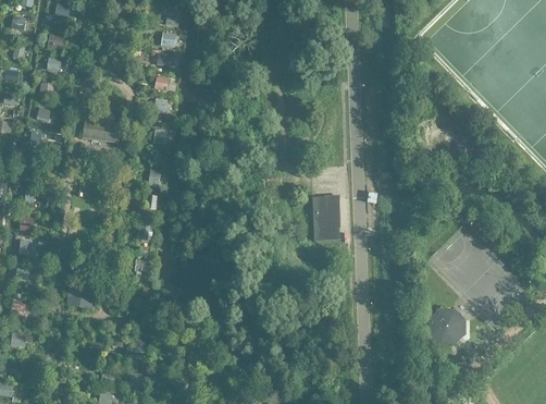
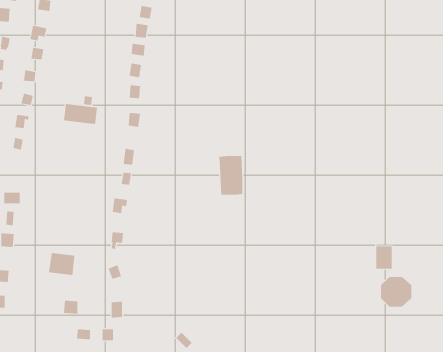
building: [312,197,339,241] -> [218,155,243,195]
building: none -> [376,245,392,270]

